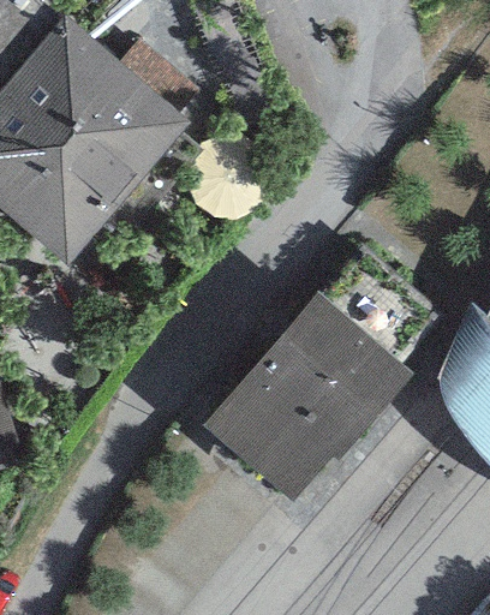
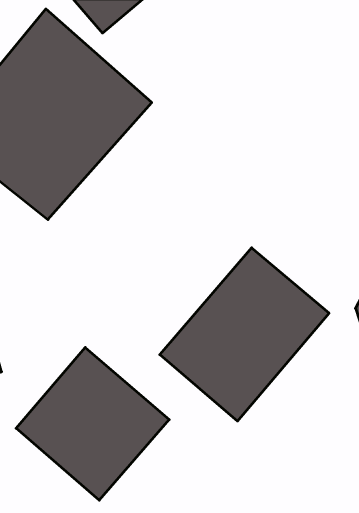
building: none -> [16,347,169,500]

